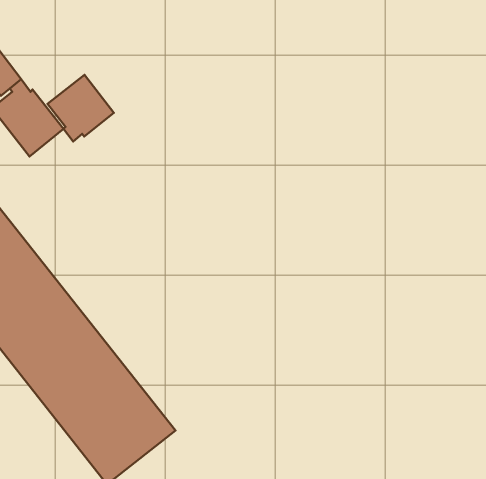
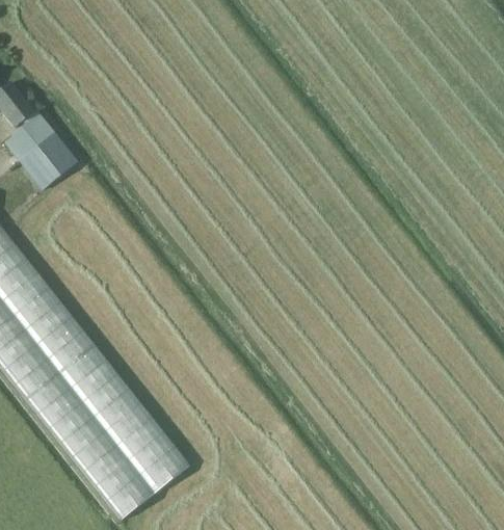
building: [48,75,114,142] -> none

